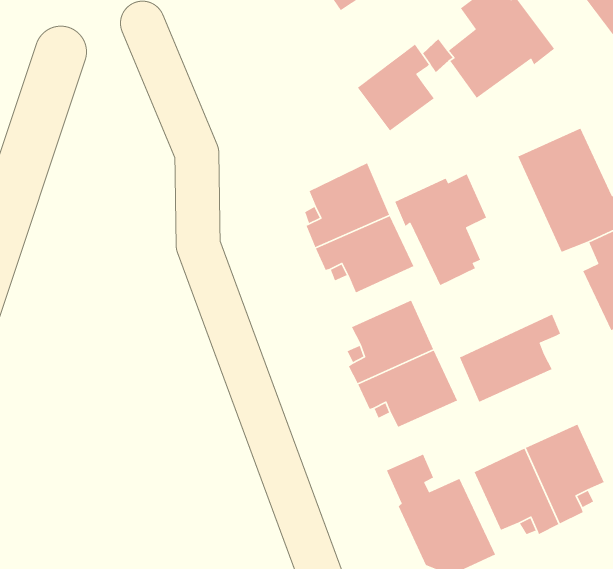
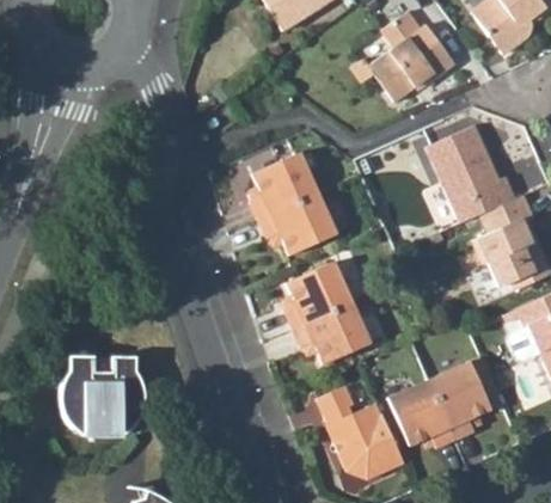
building: [357,44,435,132] -> none
building: [394,173,487,286] -> none
building: [459,314,561,403] -> none
building: none -> [59,351,135,433]

